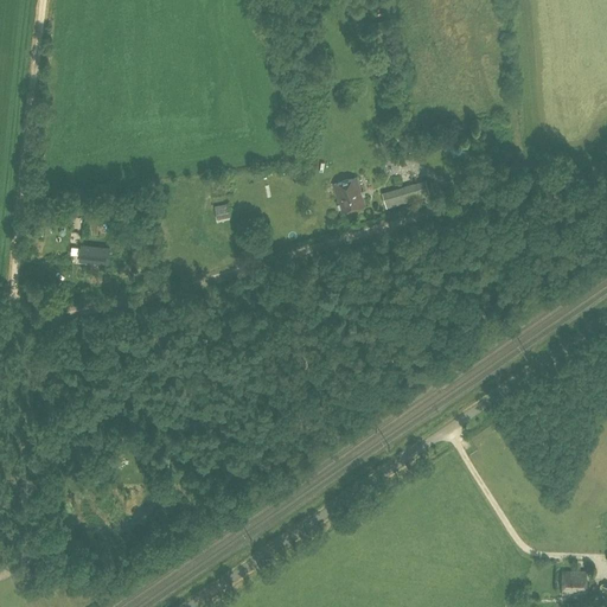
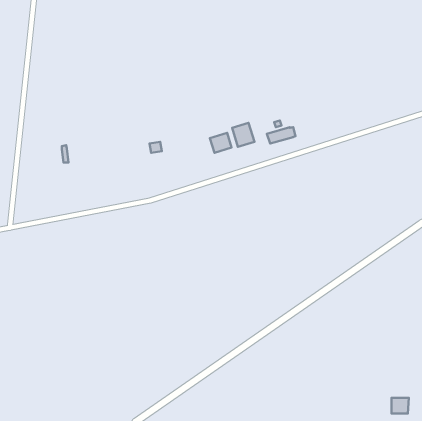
building: none -> [210,133,232,153]
building: [79,245,110,266] -> none

